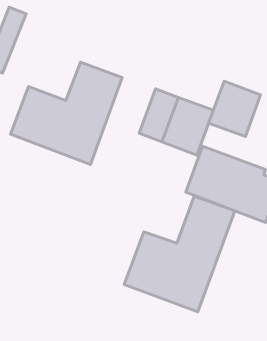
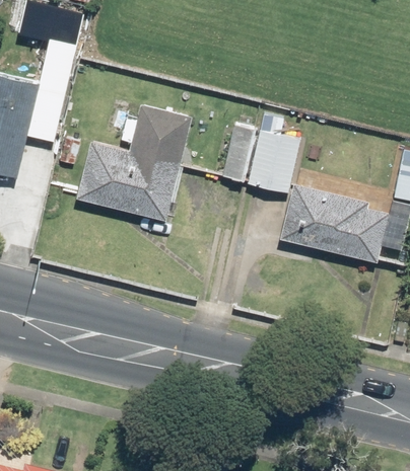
building: [209,81,261,136] -> none
building: [124,196,235,312] -> none

